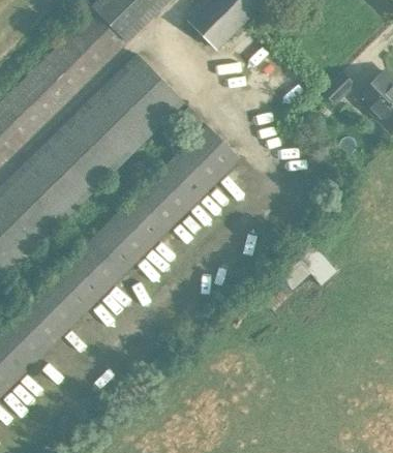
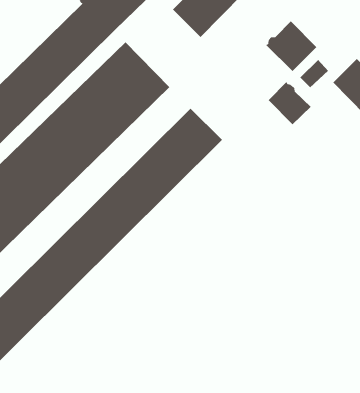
building: none -> [265,21,317,72]
building: none -> [268,81,311,125]

